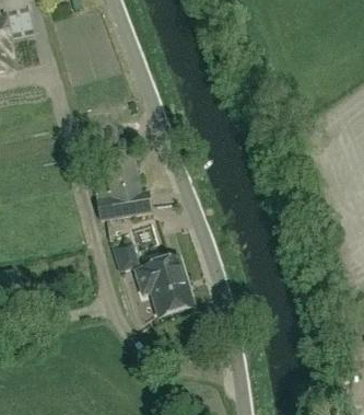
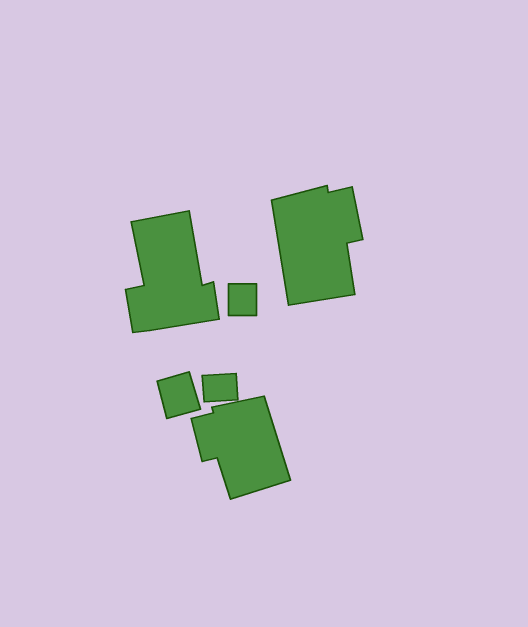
building: none -> [272,185,363,305]

